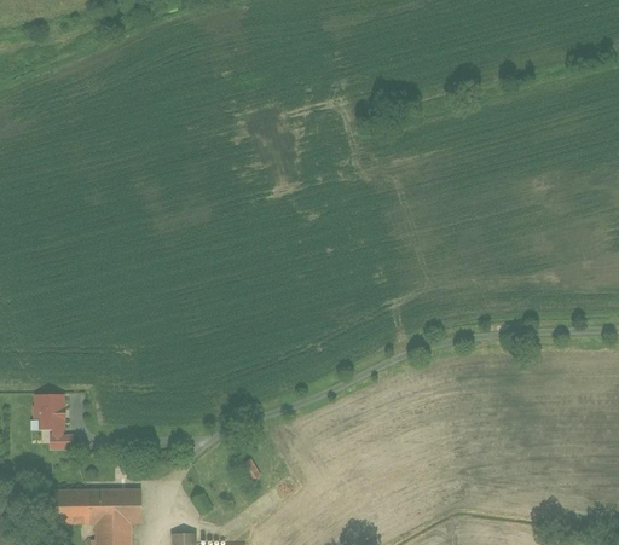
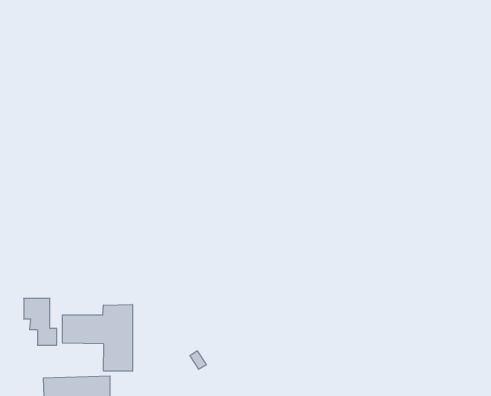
building: none -> [62,304,132,371]

